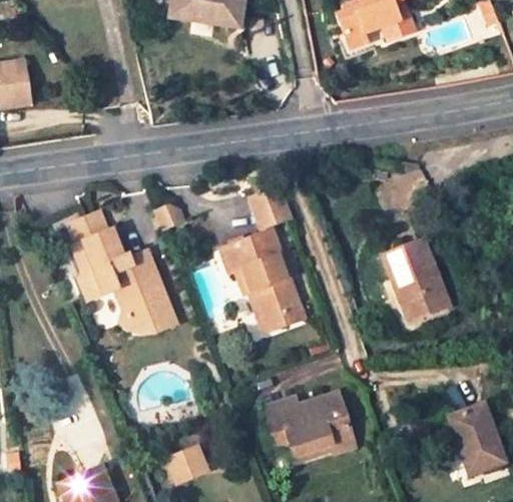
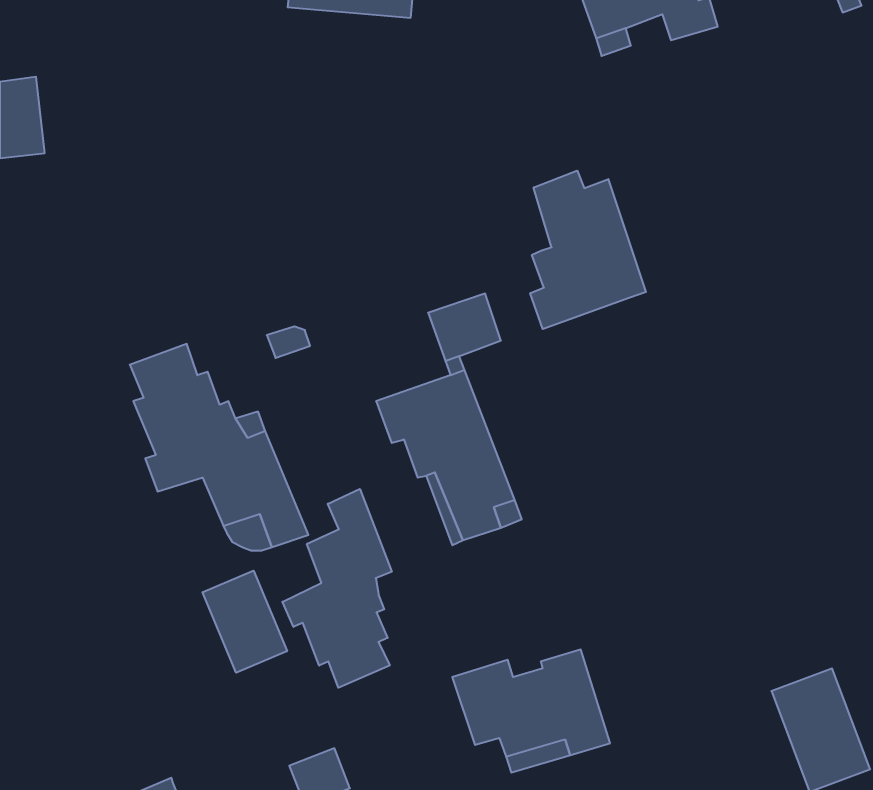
building: none -> [530,171,646,329]
building: [382,239,449,321] -> none
building: none -> [282,489,392,688]
building: none -> [203,571,287,673]

